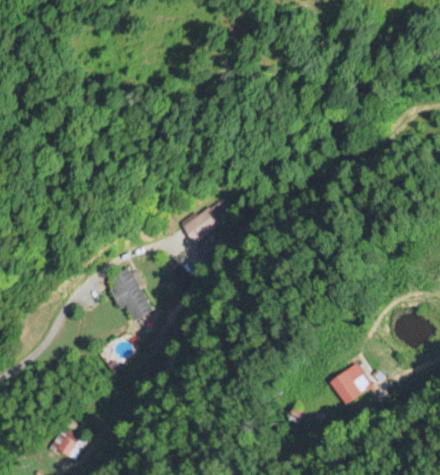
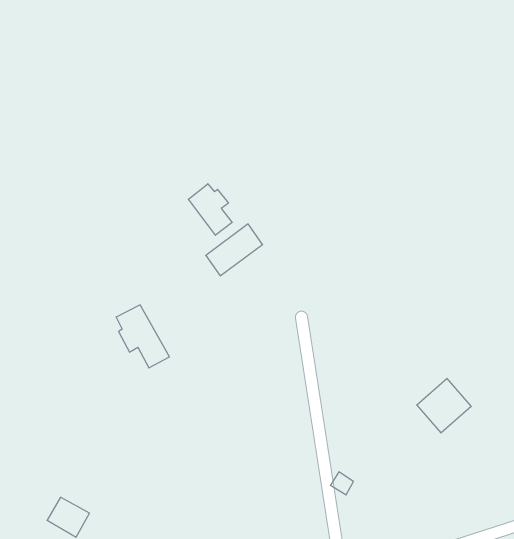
building: none -> [188,184,232,235]
building: [328,361,373,406] -> [417,378,471,433]

